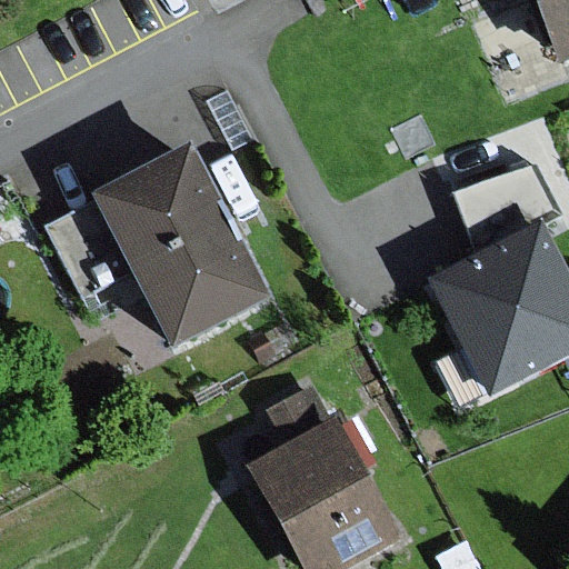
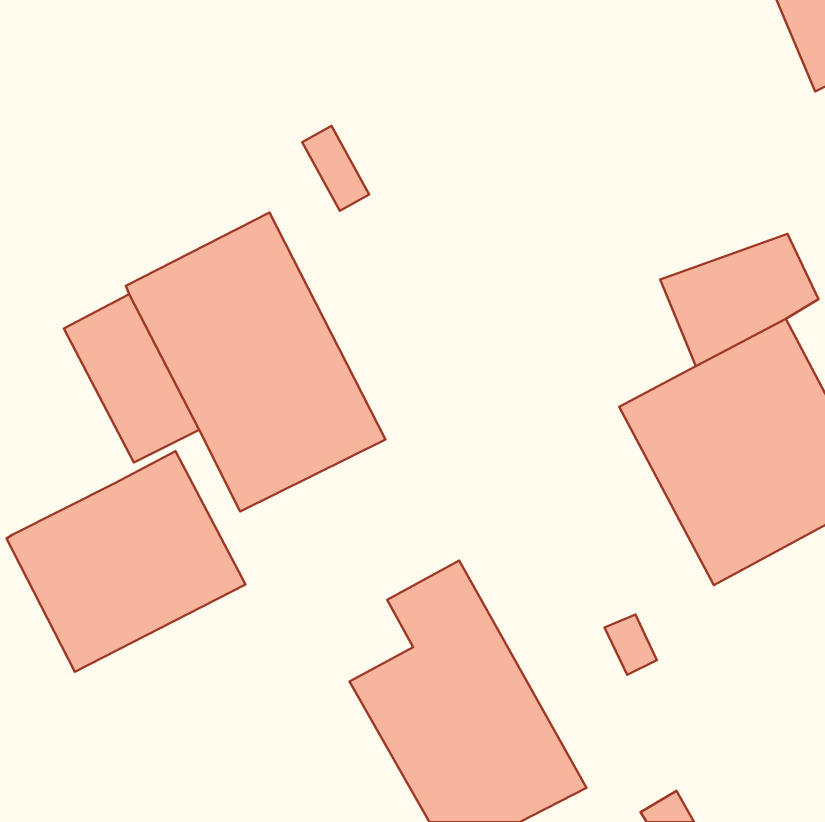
building: none -> [7,451,246,672]

